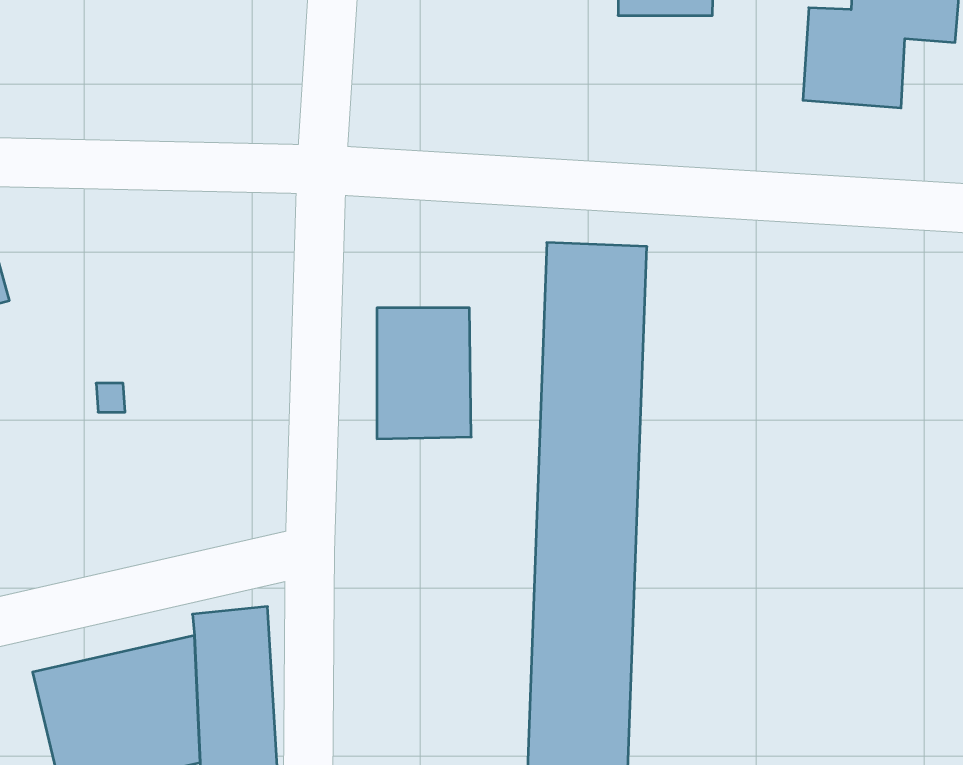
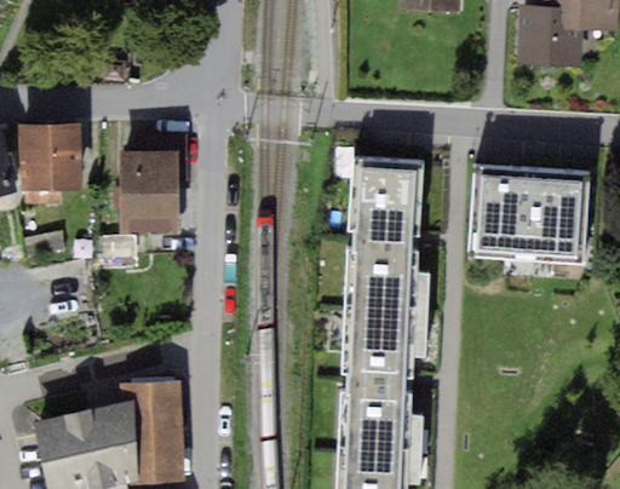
building: none -> [19,126,81,190]
building: none -> [472,168,579,255]
building: [377,308,471,439] -> [119,151,178,234]

